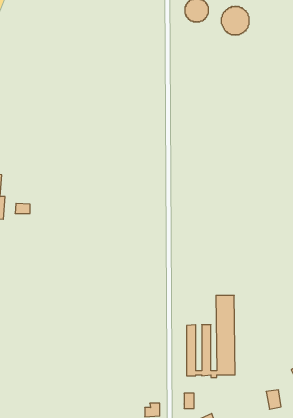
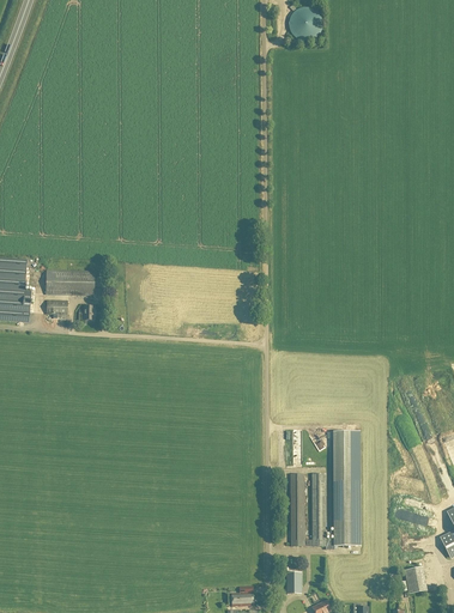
building: [221,6,249,35] -> none
building: none -> [44,269,93,295]

